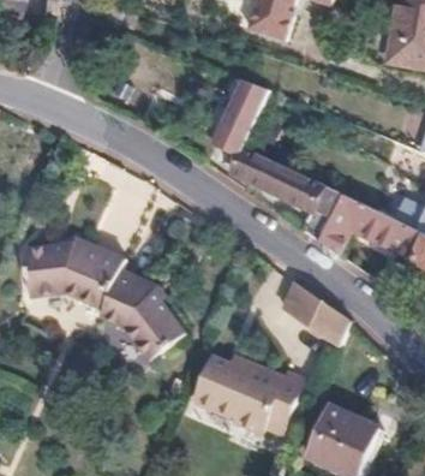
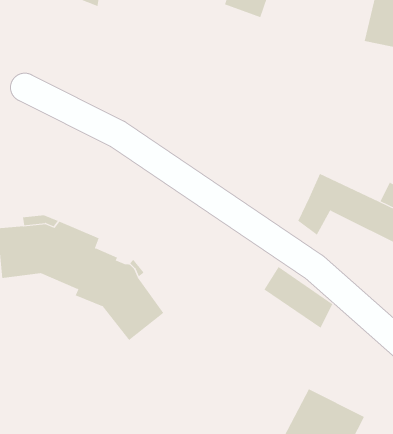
building: [217,82,337,216] -> none
building: [193,351,303,433] -> none

